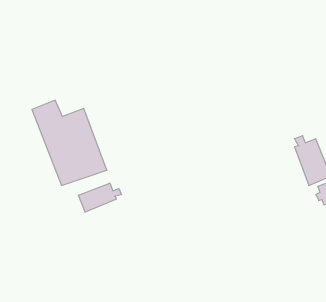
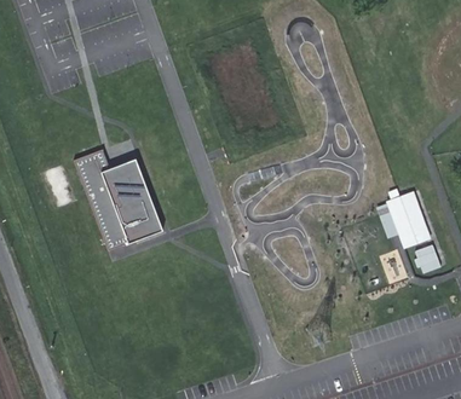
building: [78,183,121,212] -> none

